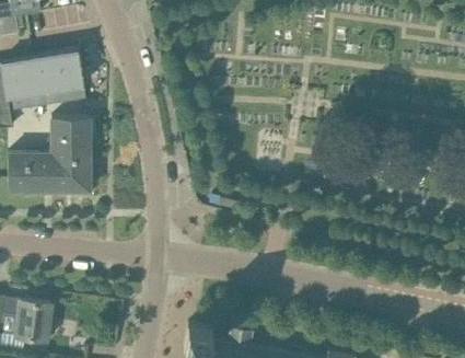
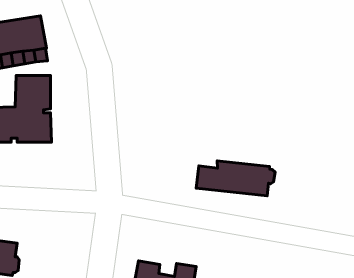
building: none -> [196,161,275,196]

